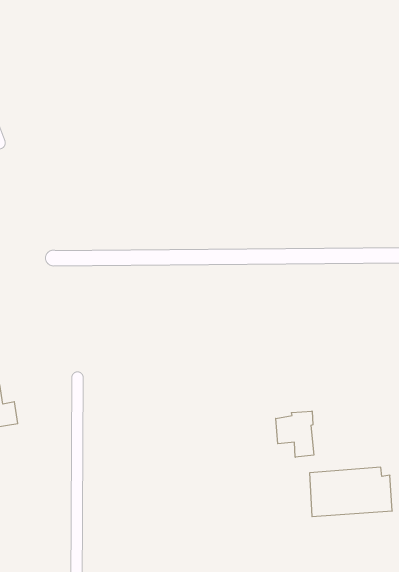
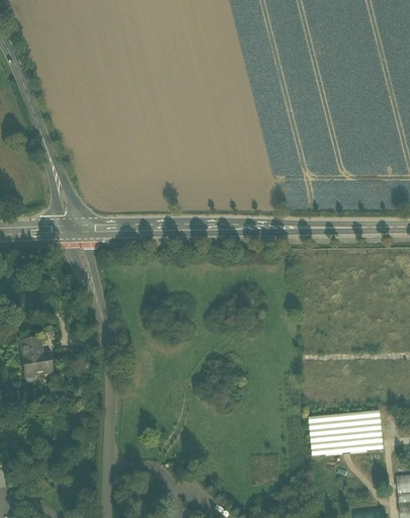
building: [276,411,314,457] -> none

